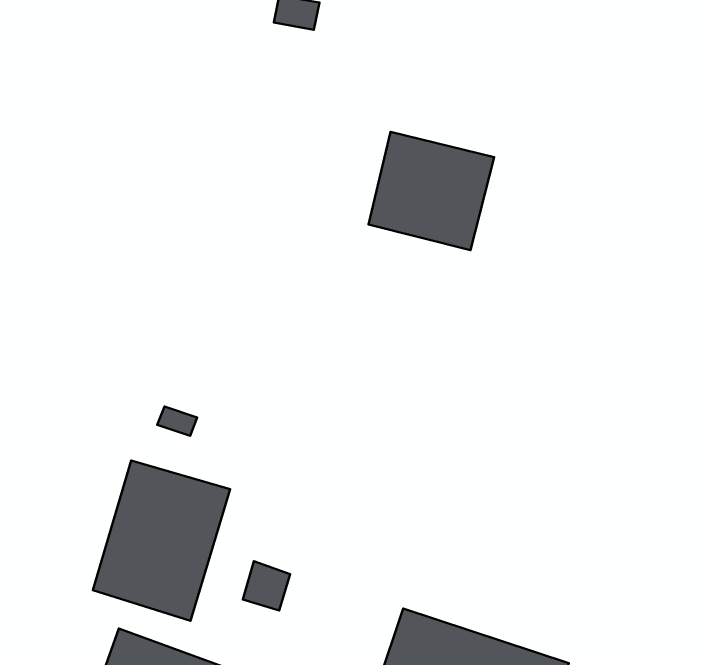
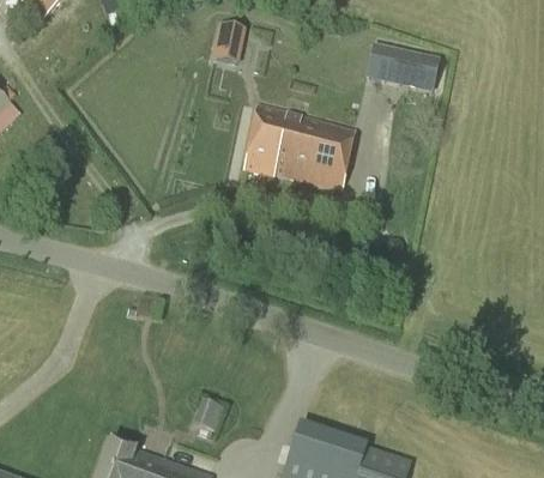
building: none -> [364,42,439,90]
building: none -> [244,104,290,176]
building: [93,461,230,621] -> none

